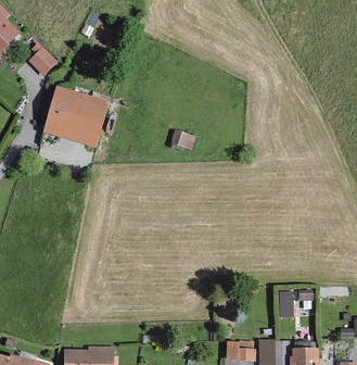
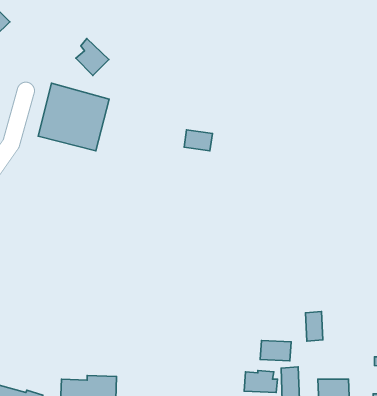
building: [27,42,56,75] -> [76,39,109,75]
building: none -> [260,341,291,361]

